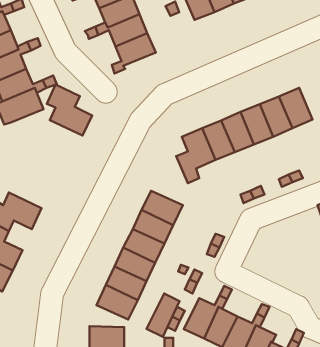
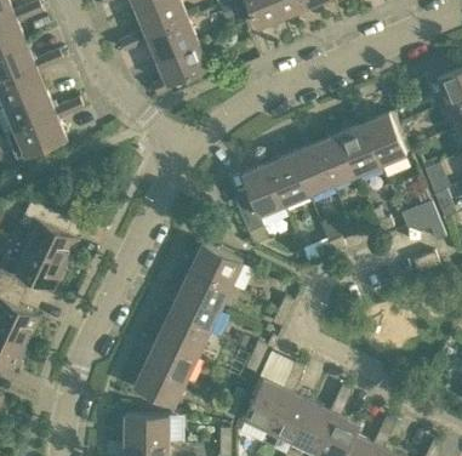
building: [47,85,92,136] -> [18,201,75,266]
building: [147,294,180,337] -> none

